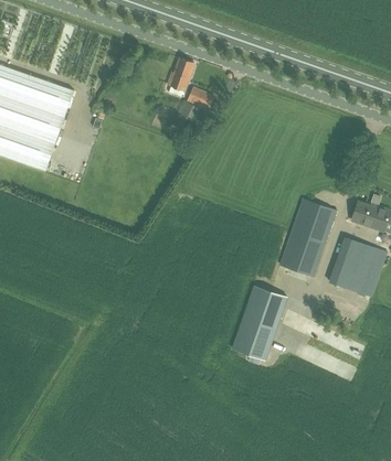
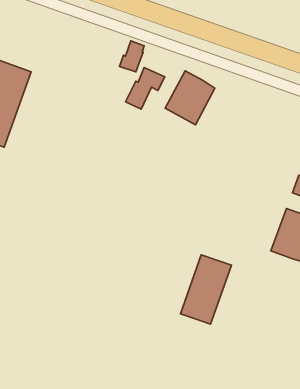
building: none -> [165,71,215,125]
building: [278,197,336,277] -> none

